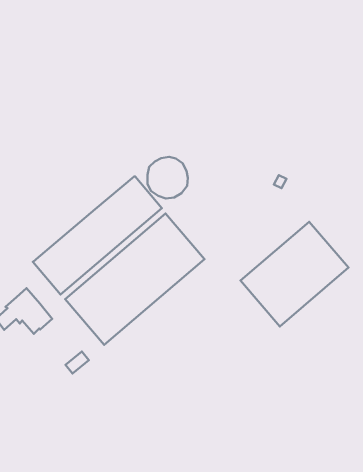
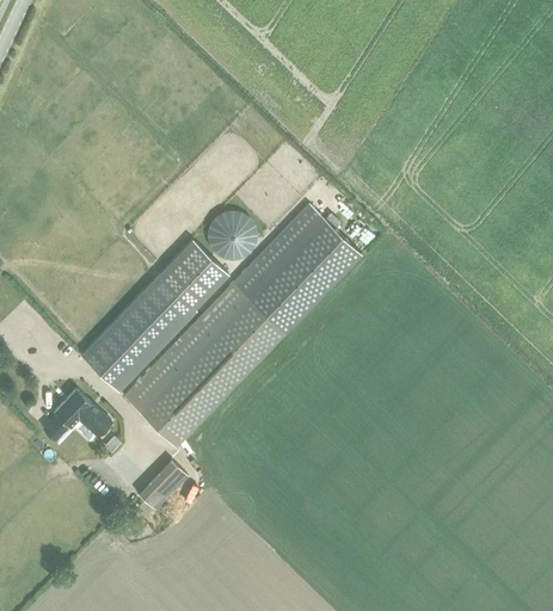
building: [241,222,348,327] -> [233,202,361,331]
building: none -> [137,458,188,510]

